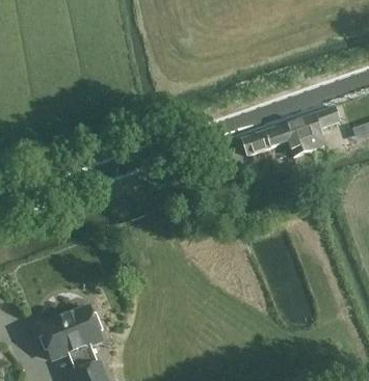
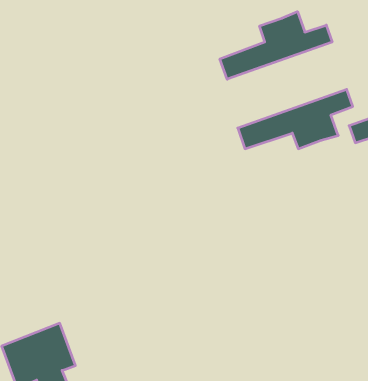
building: none -> [220,12,332,79]

